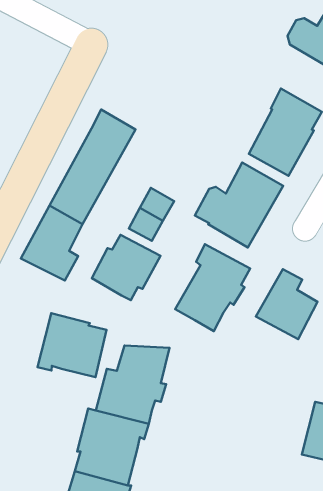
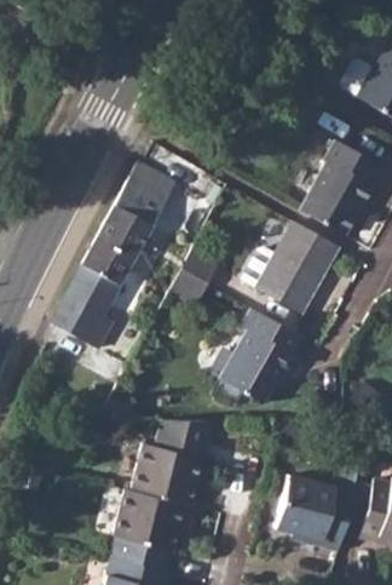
building: [92,235,160,300] -> none
building: [256,269,317,339] -> none
building: [37,313,107,377] -> none
building: none -> [273,475,352,552]

